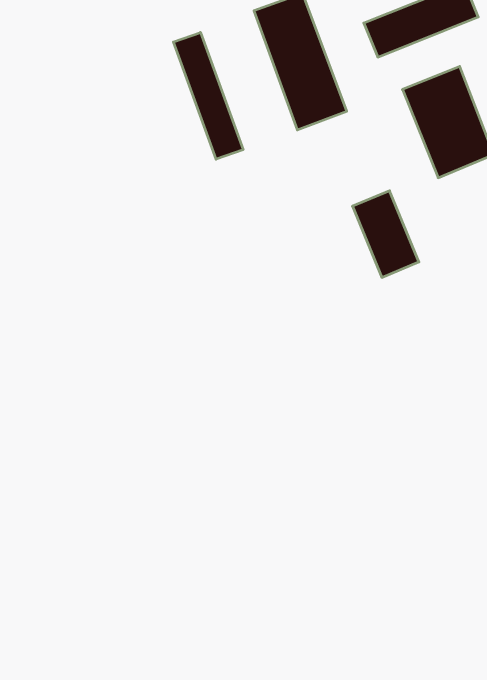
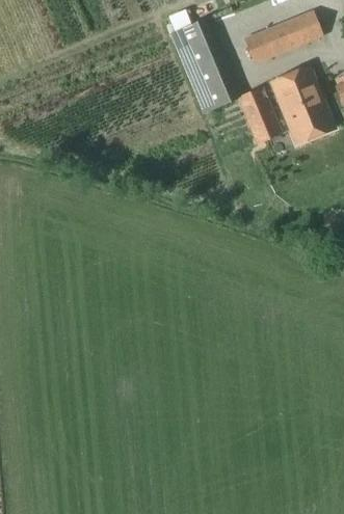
building: [173,32,243,159] -> none
building: [352,191,419,277] -> [237,86,282,144]

